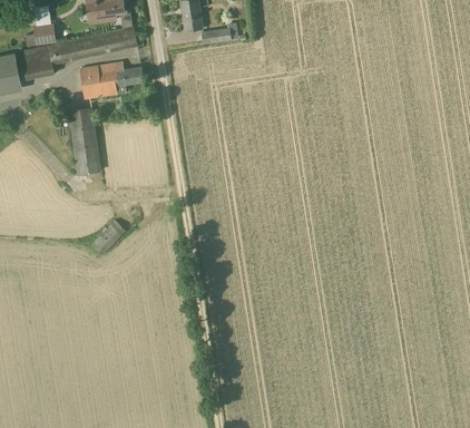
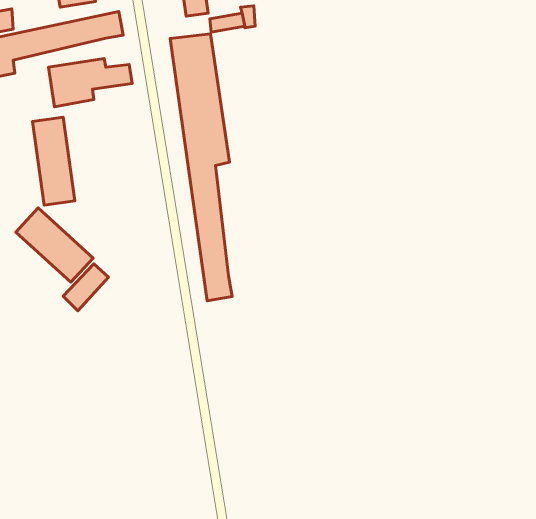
building: none -> [170,34,232,301]
building: none -> [16,208,93,282]

